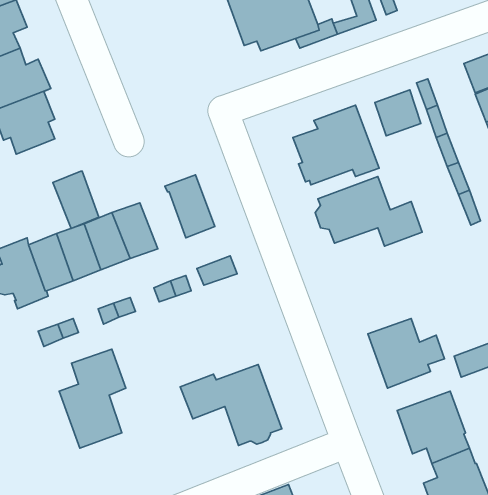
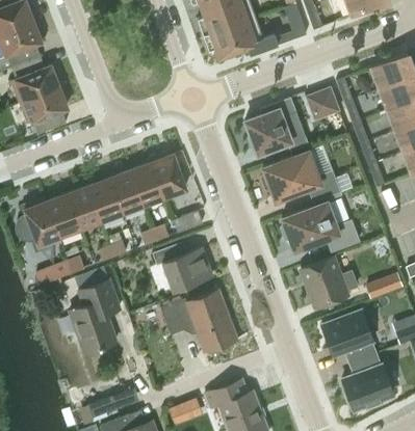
building: [53,171,99,228] -> [130,162,164,205]
building: none -> [281,201,360,251]
building: none -> [152,242,212,291]

